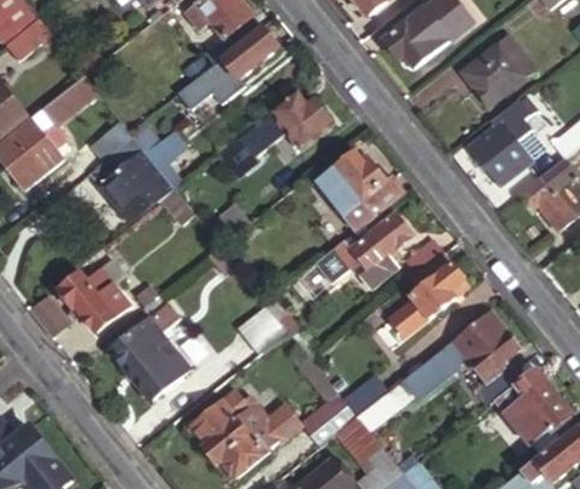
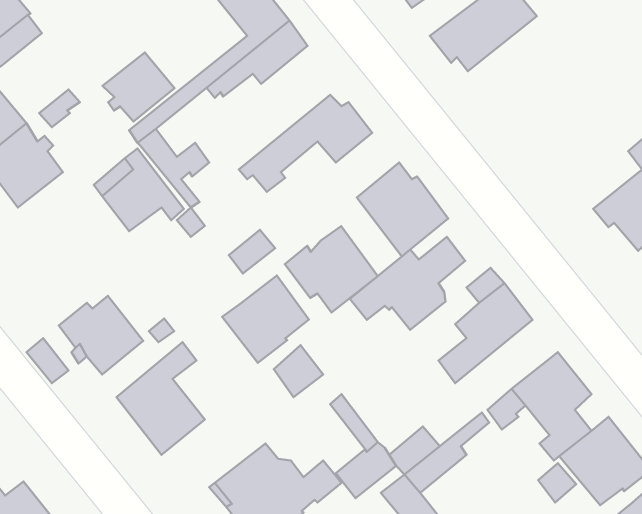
building: [462,36,533,103] -> none
building: none -> [102,52,175,122]
building: [468,93,546,182] -> none
building: none -> [285,226,378,312]
building: none -> [222,275,309,363]

